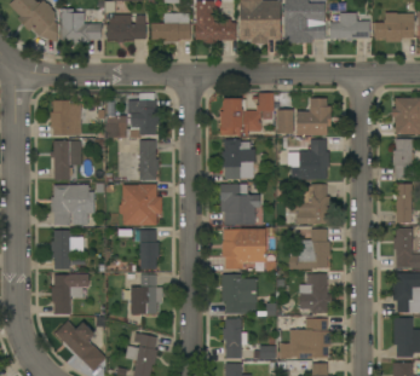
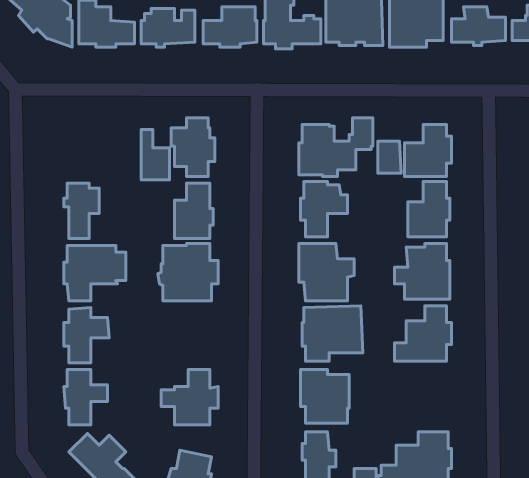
building: [51,100,81,135] -> none
building: [134,230,159,270] -> none
building: [300,273,332,313] -> none

